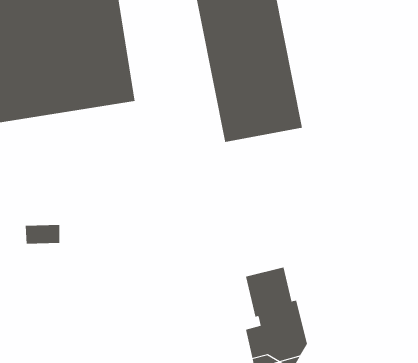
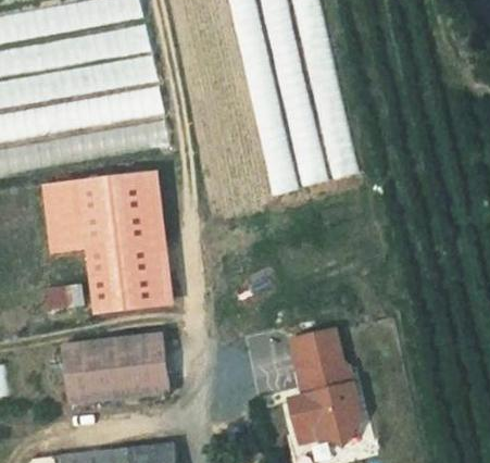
building: none -> [42,171,167,312]
building: none -> [65,335,167,404]

